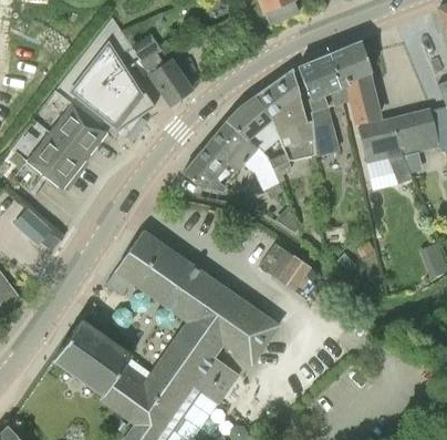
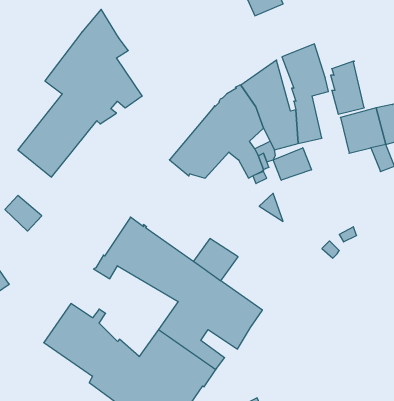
building: [129,33,191,105] -> none
building: [330,41,370,102] -> none
building: none -> [273,148,311,180]
building: [266,249,311,293] -> [194,239,238,281]

